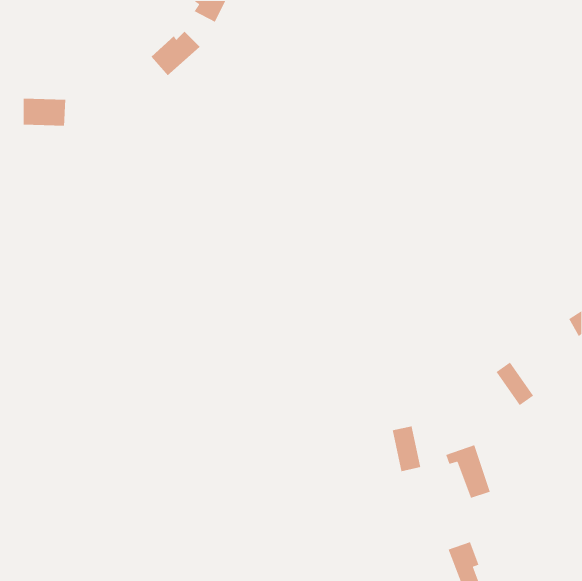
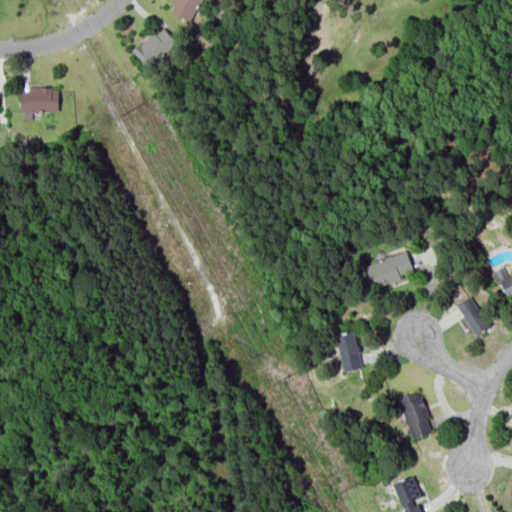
building: none -> [364,250,413,288]
building: [495,362,534,406] -> [456,296,490,335]
building: [392,425,421,472] -> [336,330,362,371]

